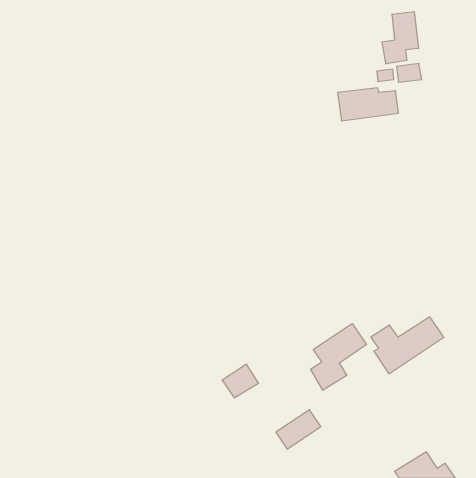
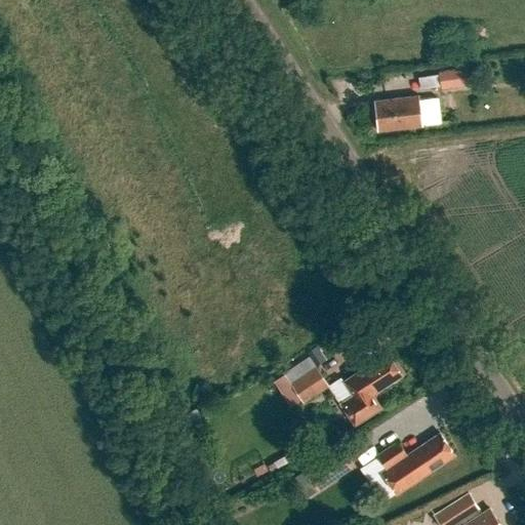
building: [382,12,419,64] -> none
building: [371,317,444,374] -> [375,434,455,496]
building: [222,364,259,398] -> [287,366,327,403]

